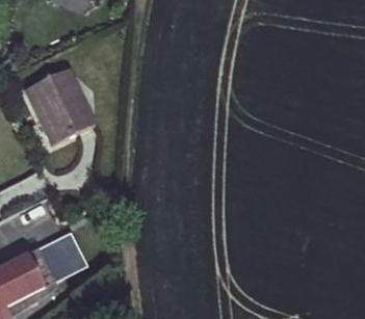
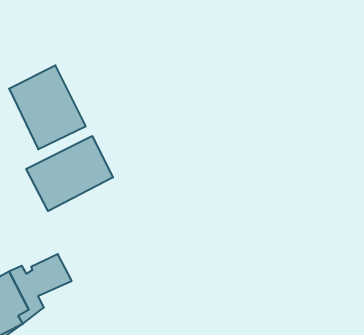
building: none -> [26,136,113,211]

